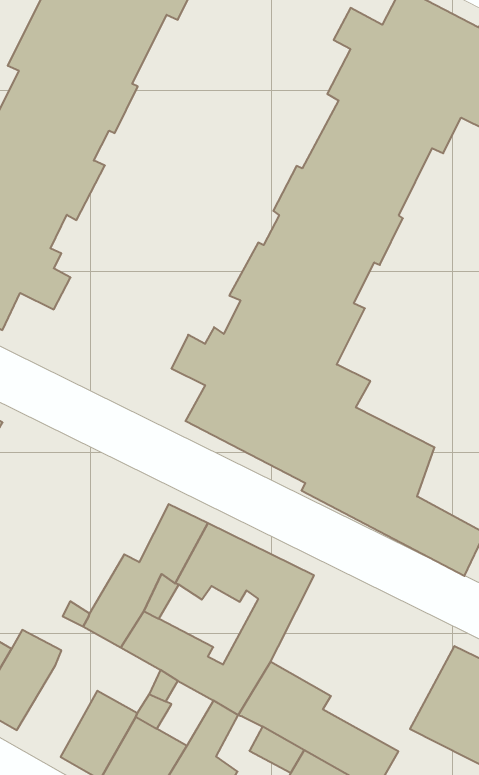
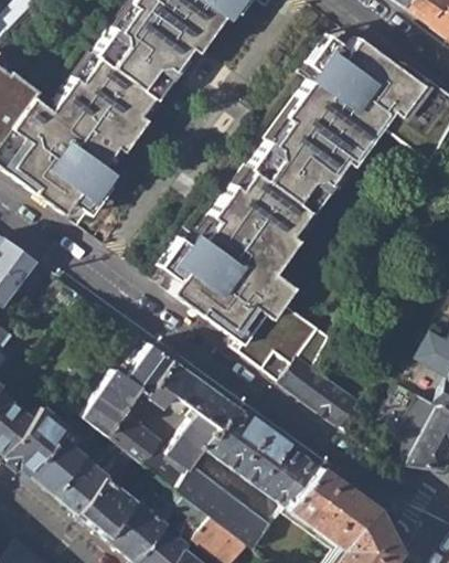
building: none -> [207,406,321,511]
building: none -> [30,436,86,496]

